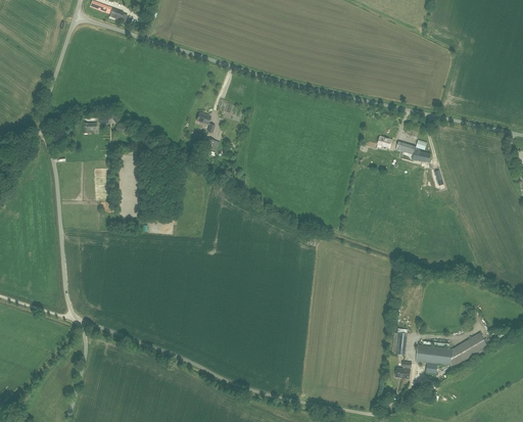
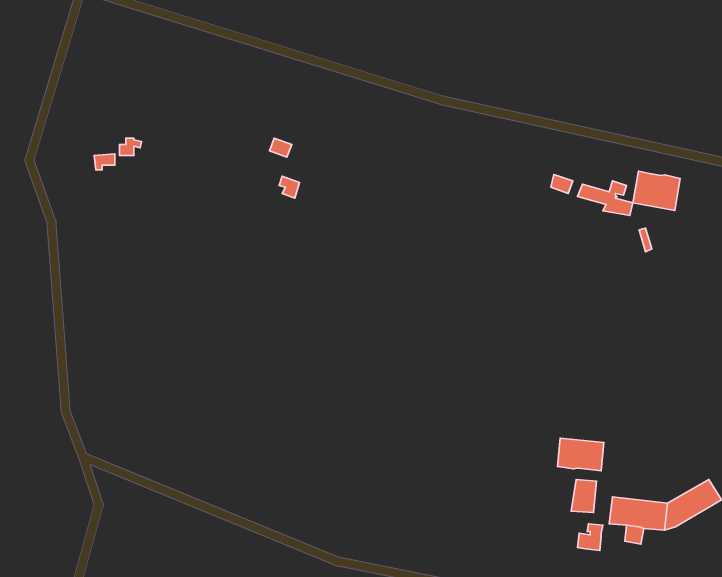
building: none -> [633,171,680,210]
building: none -> [557,438,604,471]

